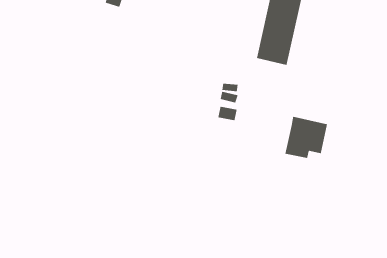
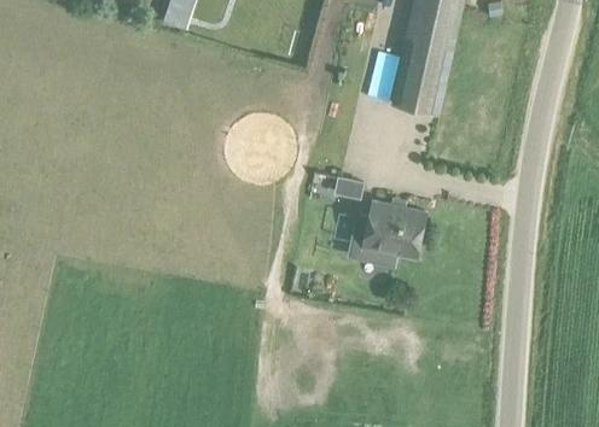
building: [285,116,328,159] -> [360,201,425,265]

